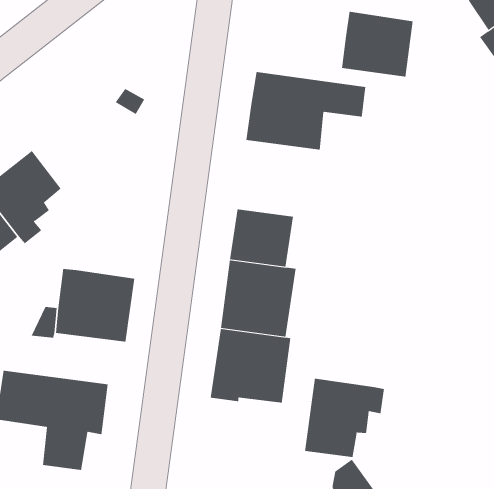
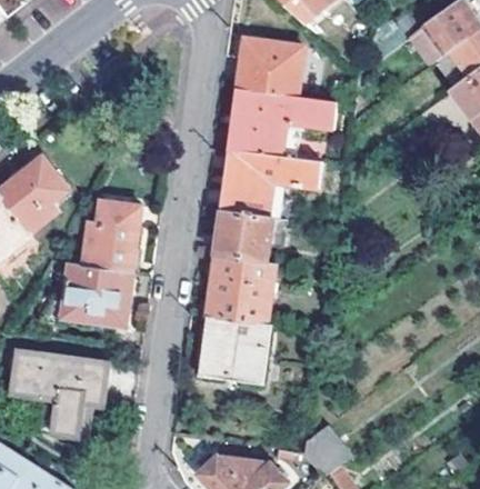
building: [341,11,414,77] -> [238,38,301,96]
building: none -> [221,148,319,216]
building: none -> [81,199,141,269]
building: [304,378,384,458] -> none

